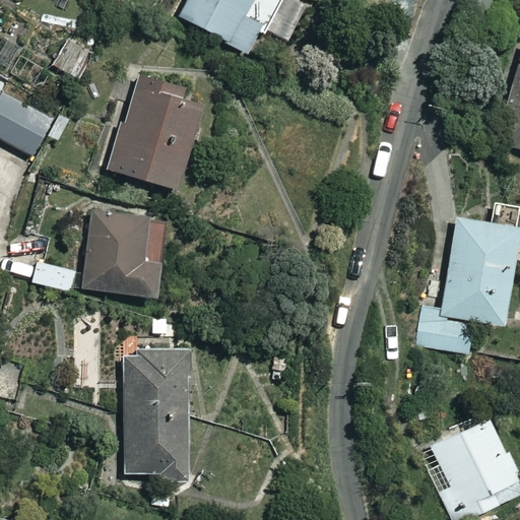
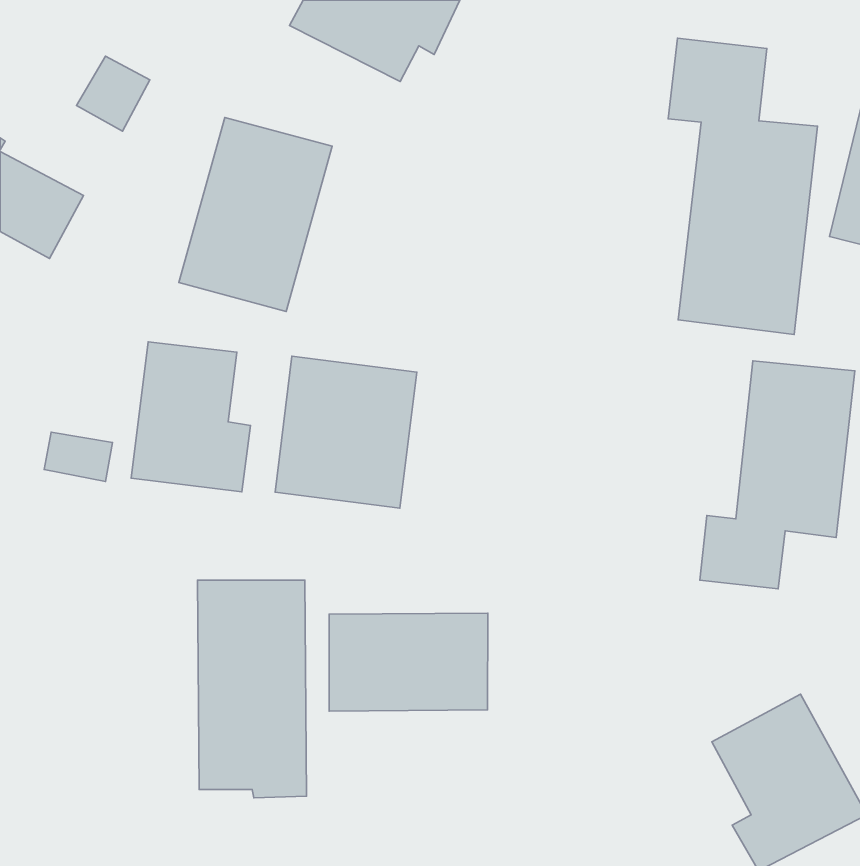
building: none -> [668,38,817,334]
building: none -> [275,356,417,508]
building: none -> [329,613,488,711]

